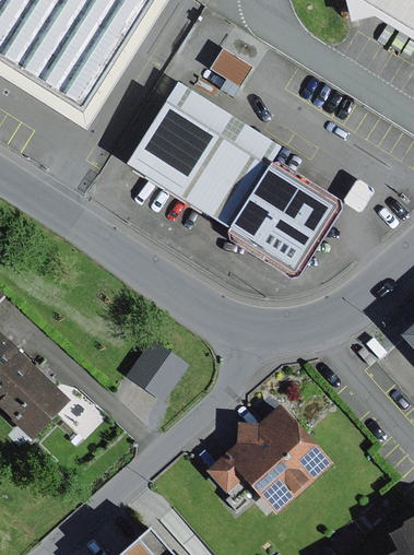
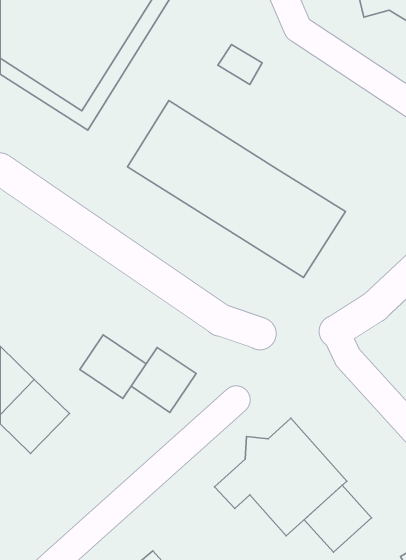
building: [163,79,280,165] -> none
building: none -> [80,335,146,399]
building: none -> [304,485,371,552]

